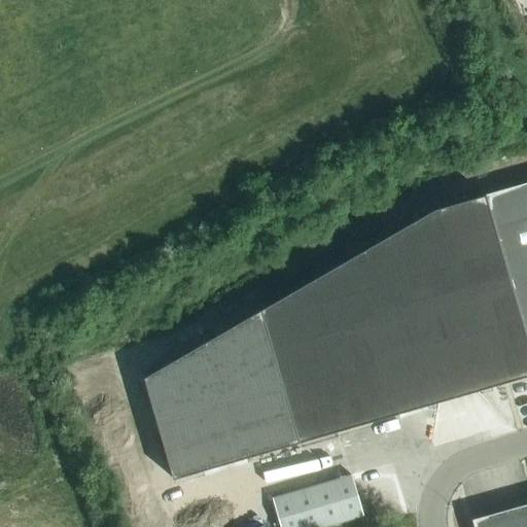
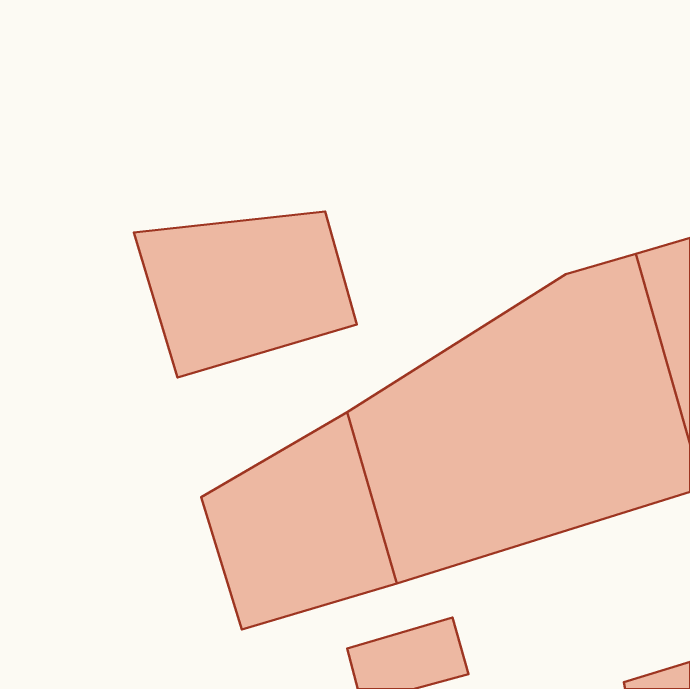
building: none -> [134,212,357,378]

